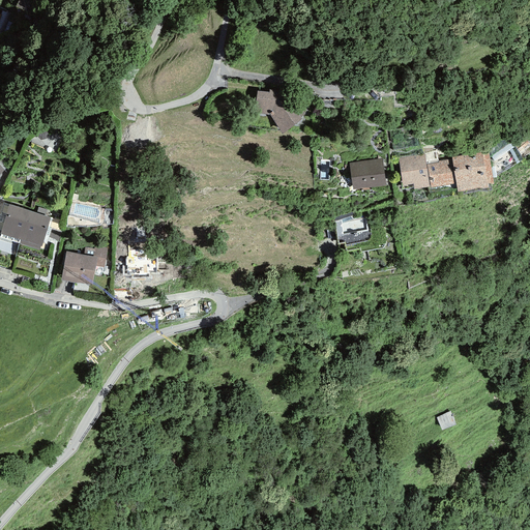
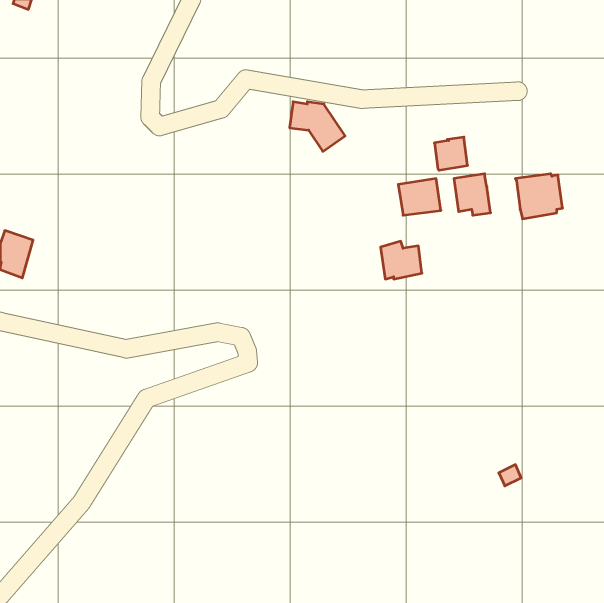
building: [426,158,455,187] -> [434,137,468,170]
building: [20,210,52,248] -> none
building: [61,244,107,285] -> none

